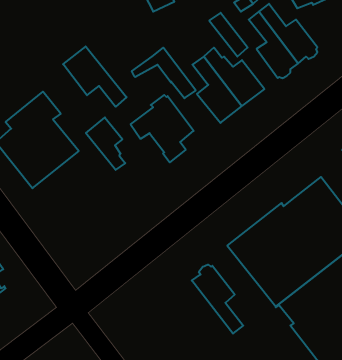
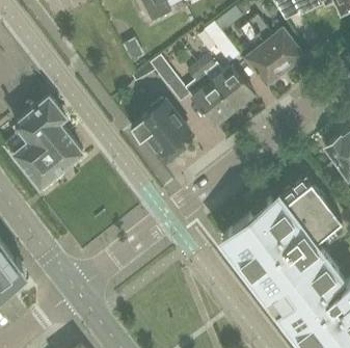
building: [63,46,127,107] -> none
building: [86,117,125,170] -> none
building: [192,265,243,334] -> none

